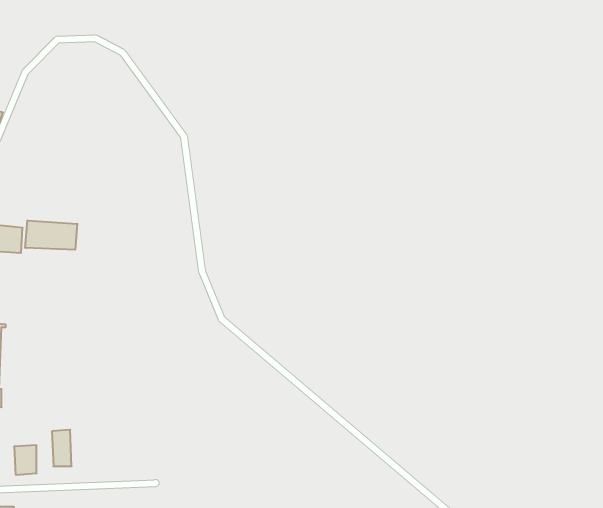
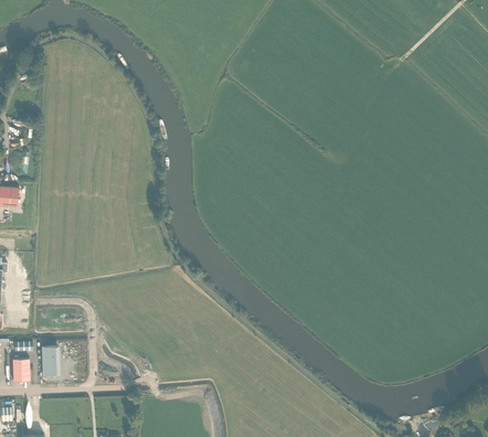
building: [25,220,77,250] -> none

